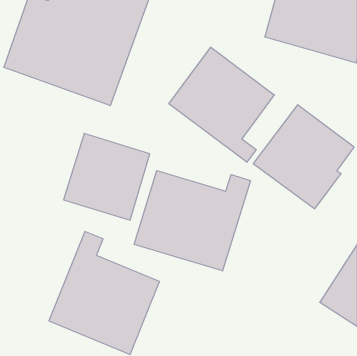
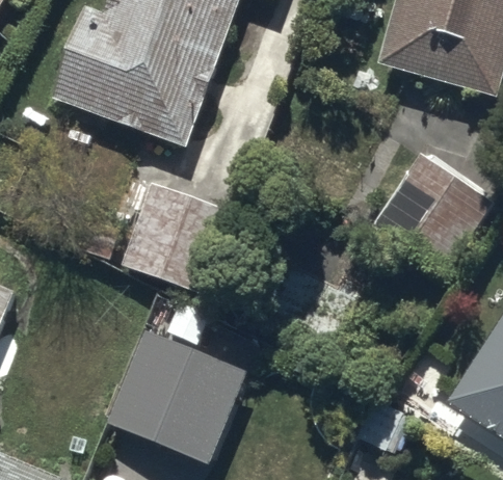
building: [169,47,274,162] -> none
building: [134,171,251,271] -> none

